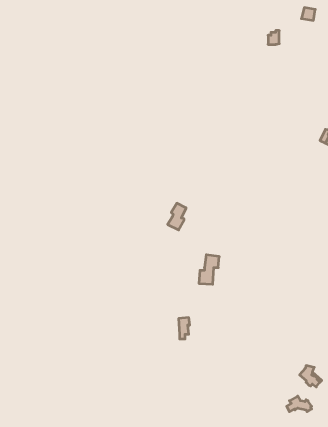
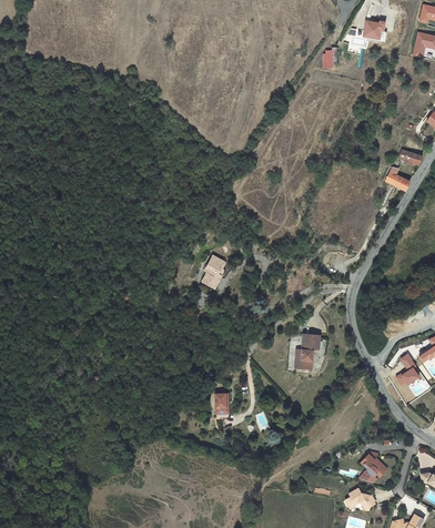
building: [199,255,219,284] -> [295,334,320,369]

